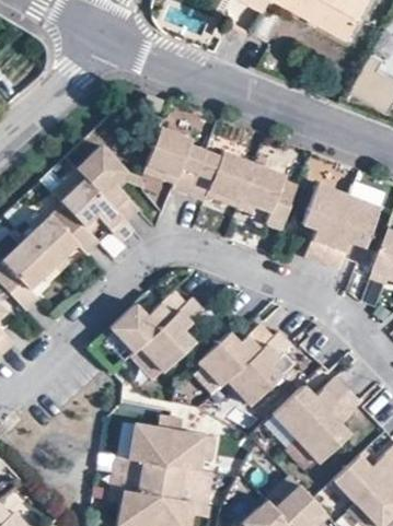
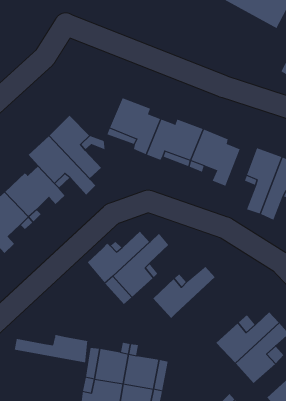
building: [224,332,293,407] -> none
building: none -> [14,334,88,363]

